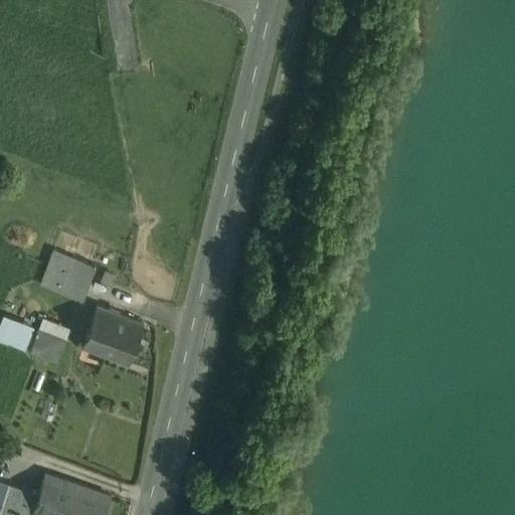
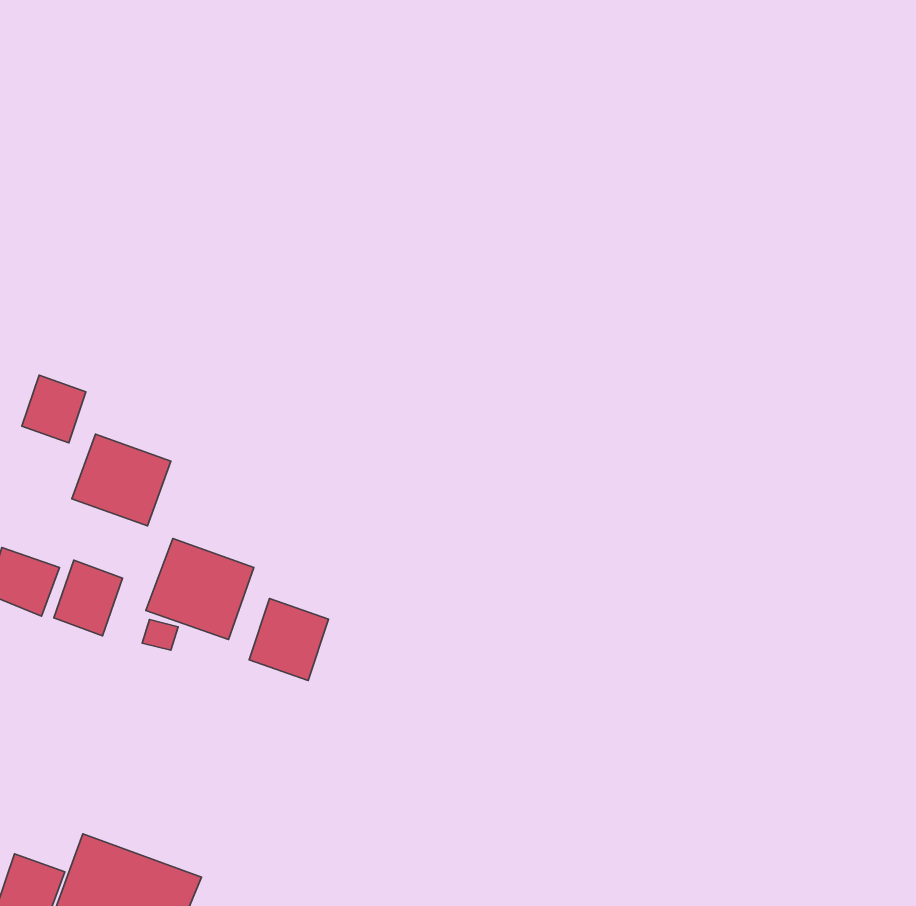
building: none -> [22,375,86,443]
building: none -> [249,598,328,681]

